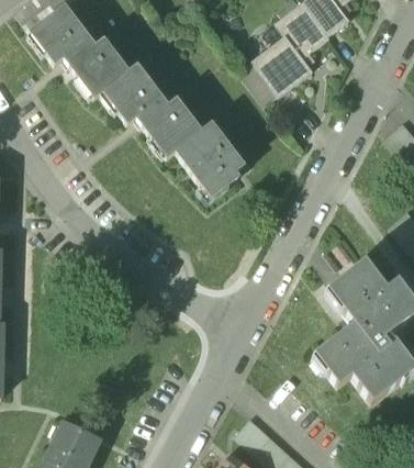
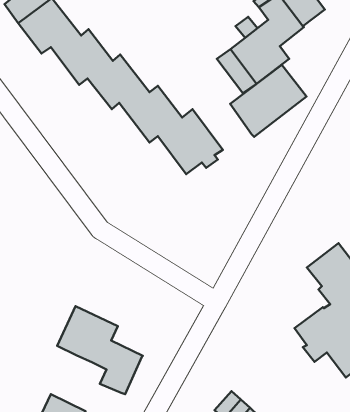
building: none -> [230,65,307,137]
building: none -> [57,306,143,394]

